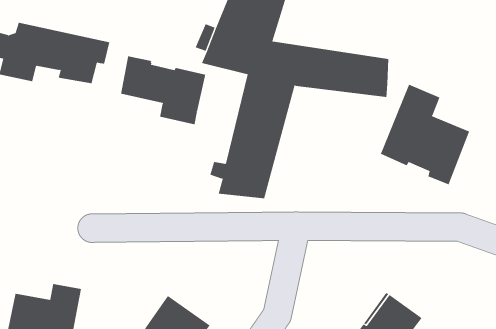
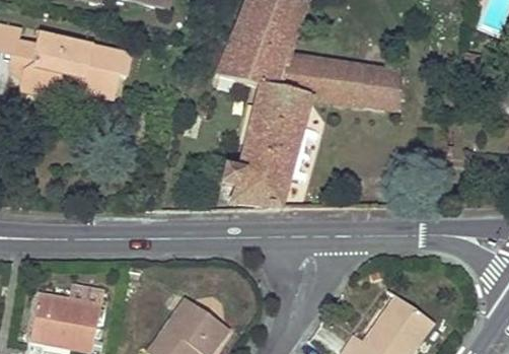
building: [121,56,206,125] -> none
building: [380,84,470,185] -> none

